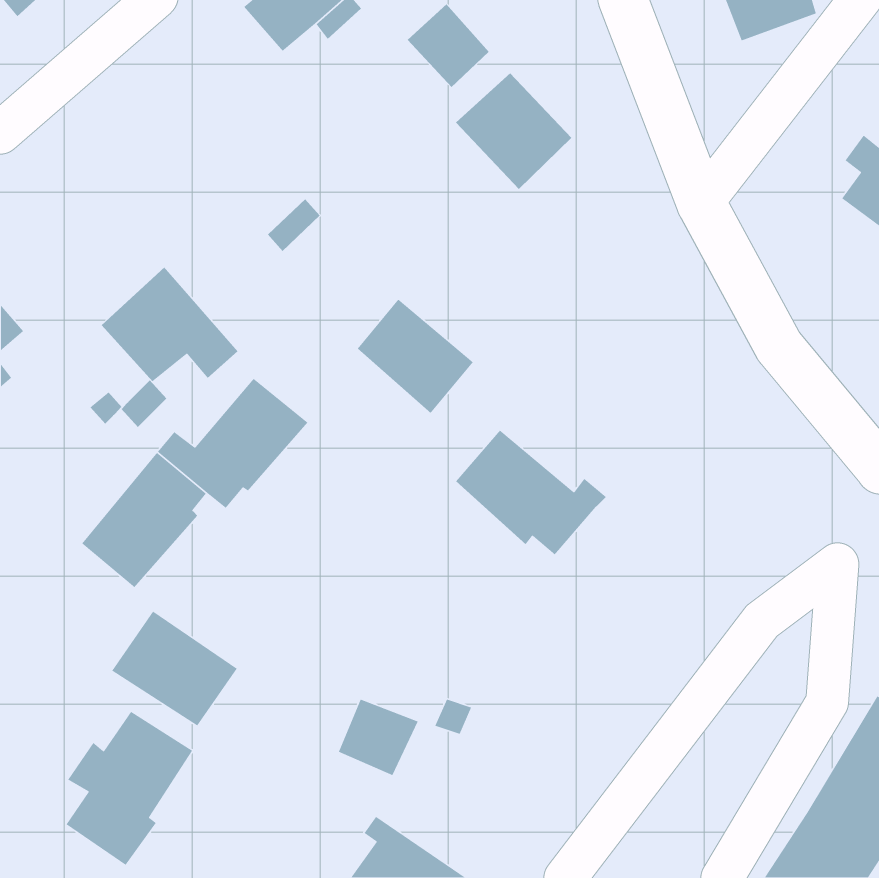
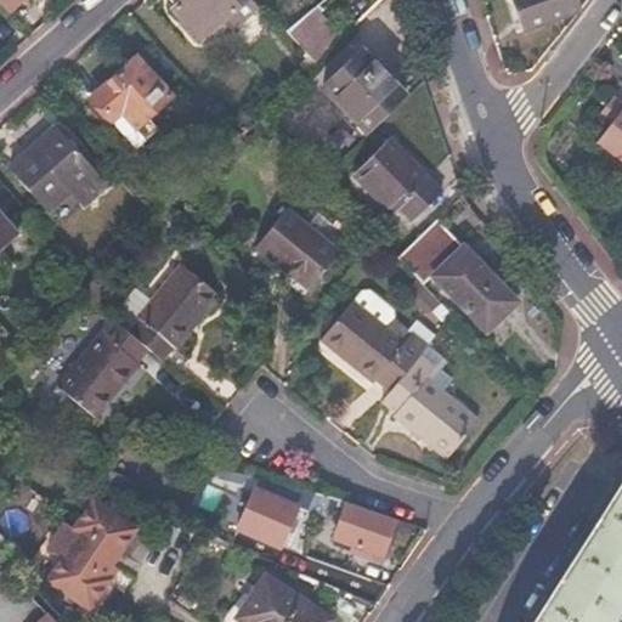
building: none -> [91,56,171,126]
building: none -> [354,140,440,222]
building: [101,267,239,382] -> [11,126,108,208]
building: none -> [396,221,515,330]
building: none -> [383,357,481,463]
building: [111,610,238,726] -> none
building: none -> [334,502,397,561]

